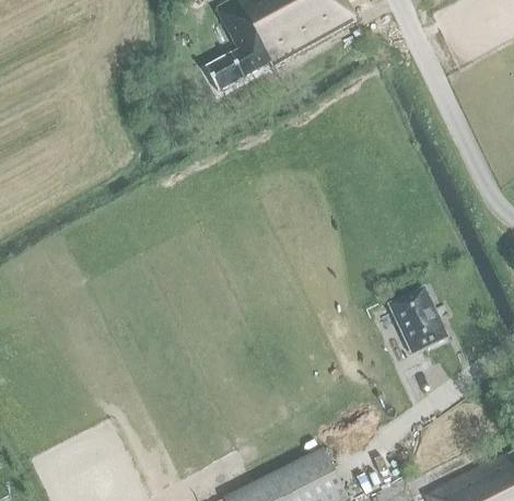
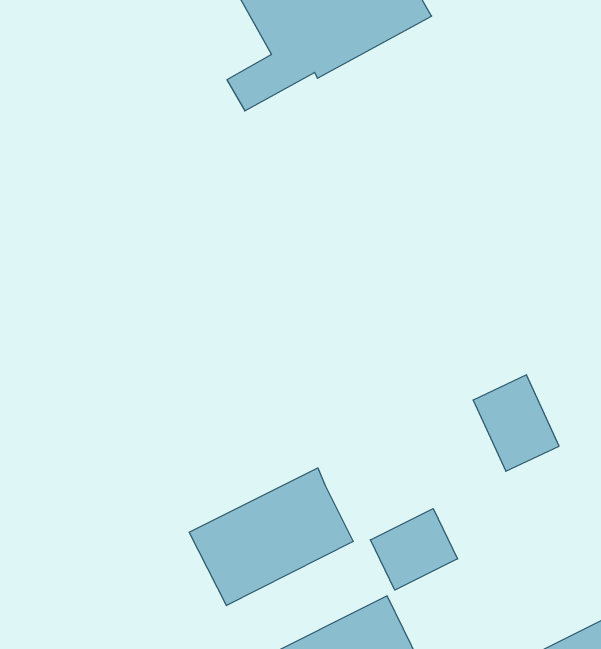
building: none -> [189,468,353,606]
building: none -> [370,509,458,590]

